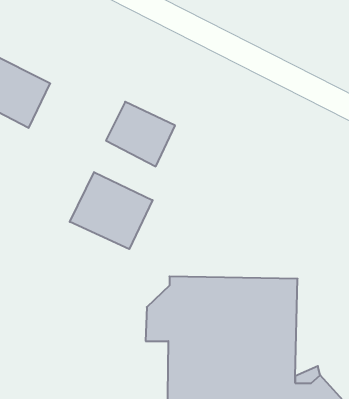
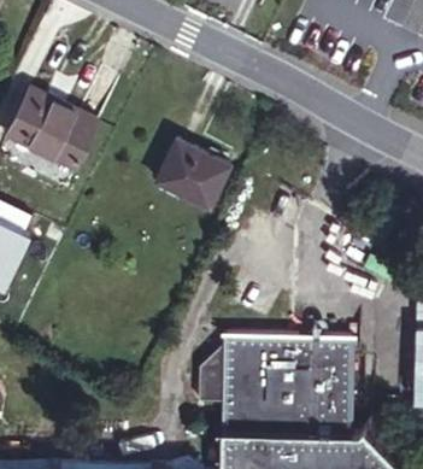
building: [70,172,153,249] -> none

